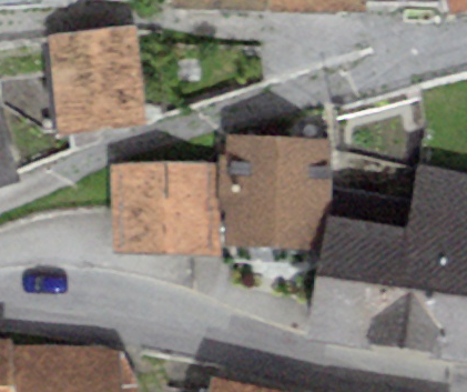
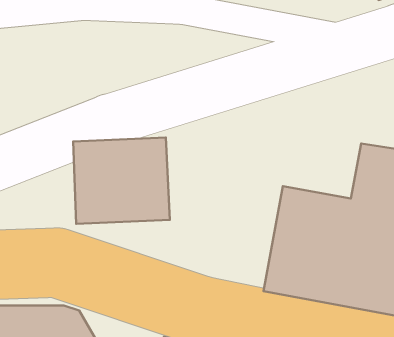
building: [48,28,143,130] -> none
building: [219,135,331,241] -> none

